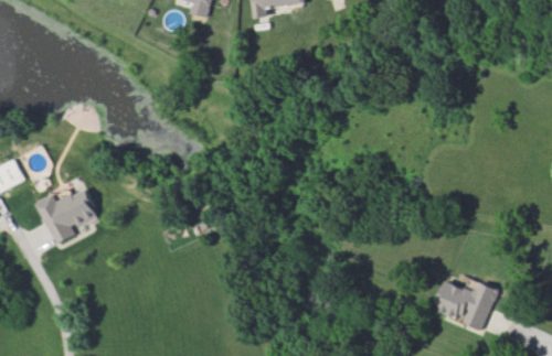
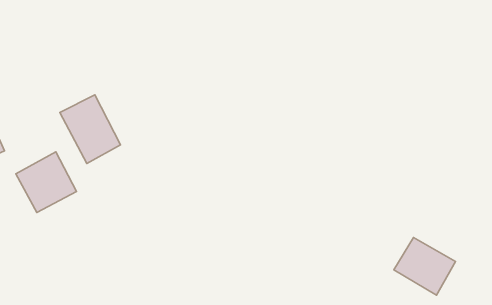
building: none -> [60,95,121,164]

